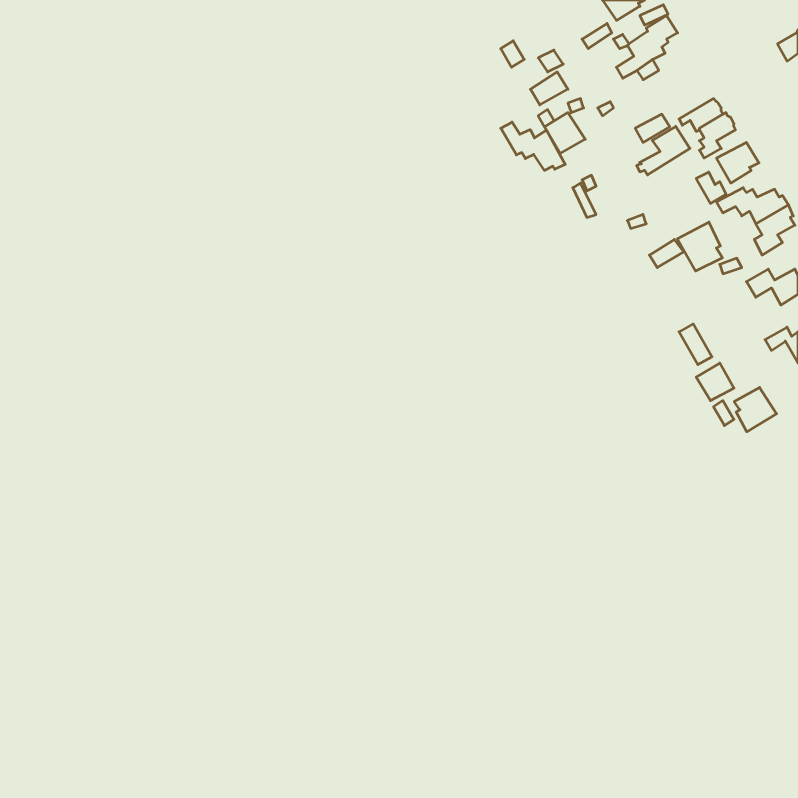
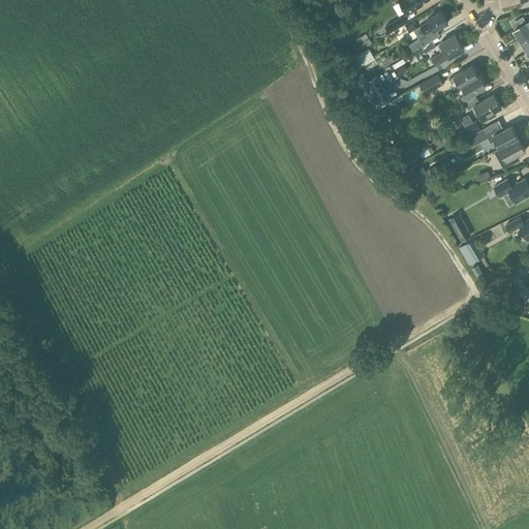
building: [501,122,565,170] -> none
building: [637,126,690,175] -> [429,34,464,66]
building: [677,222,722,271] -> none
building: [734,387,777,432] -> none

